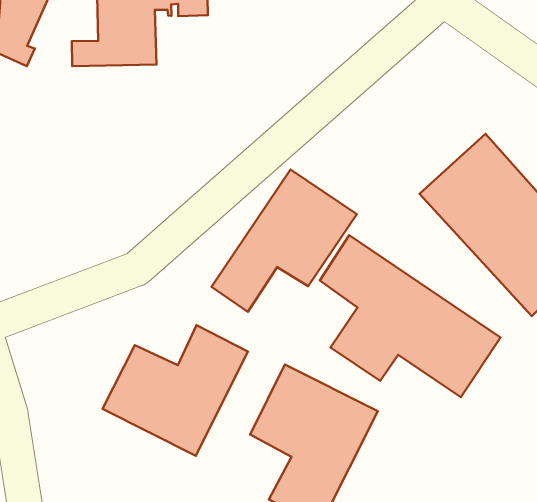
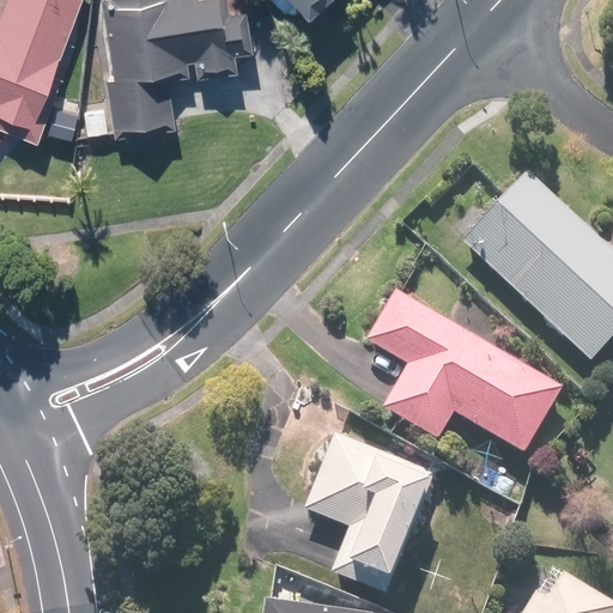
building: [211,169,357,312] -> none
building: [102,325,248,456] -> none

